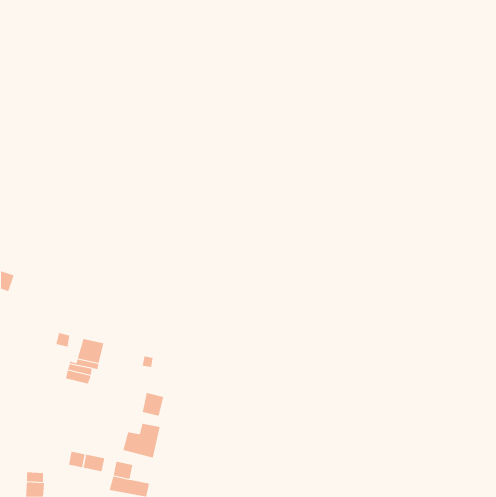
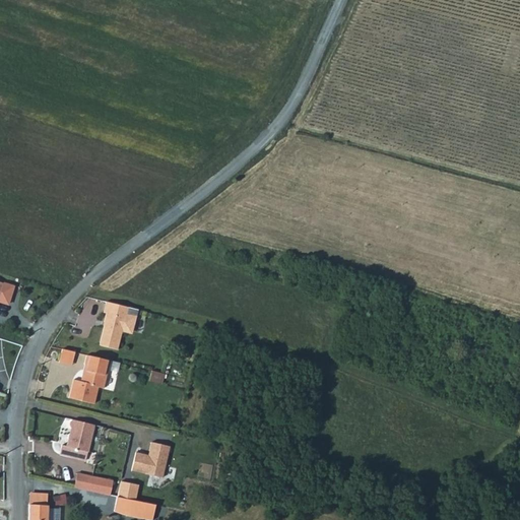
building: none -> [101,302,137,349]
building: [142,392,164,417] -> none
building: none -> [60,419,95,460]

